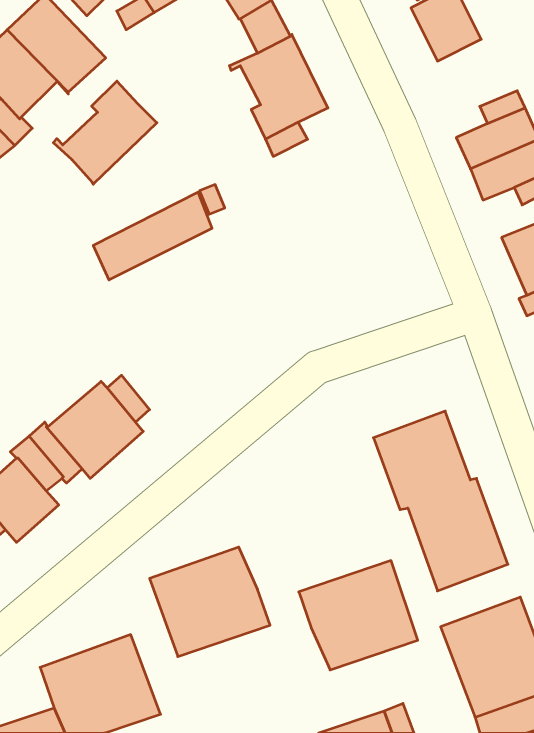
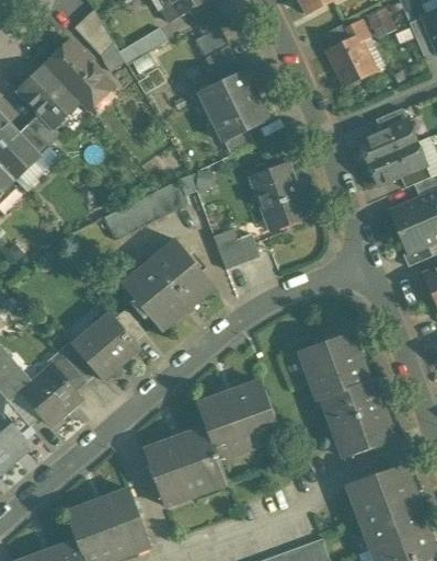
building: [53,81,157,184] -> none
building: none -> [249,162,307,231]
building: none -> [211,229,258,271]
building: none -> [120,239,214,331]
building: [299,561,418,670] -> [196,381,279,458]

